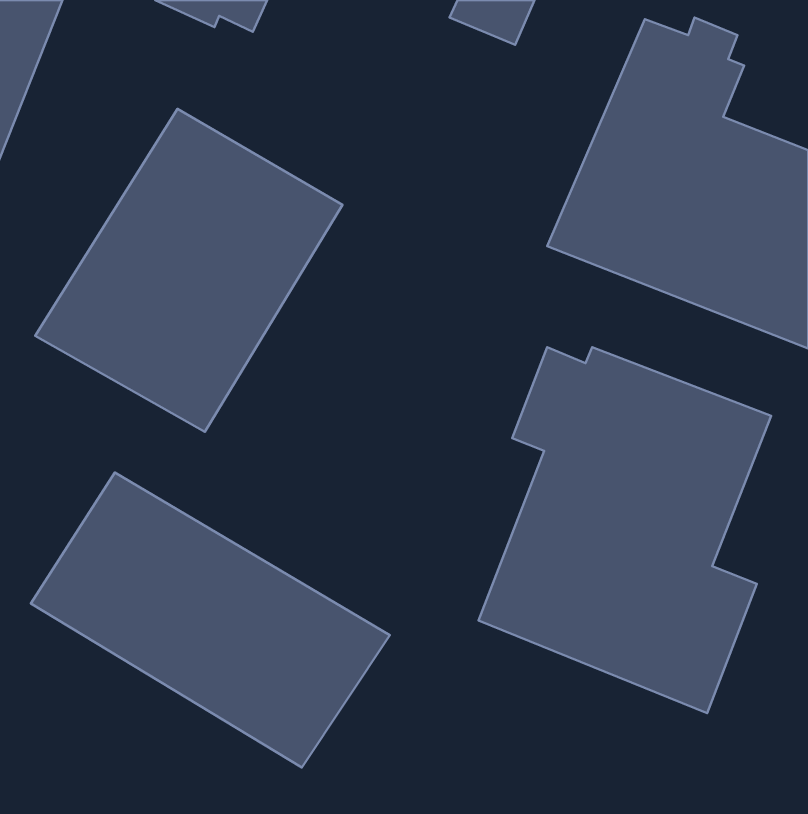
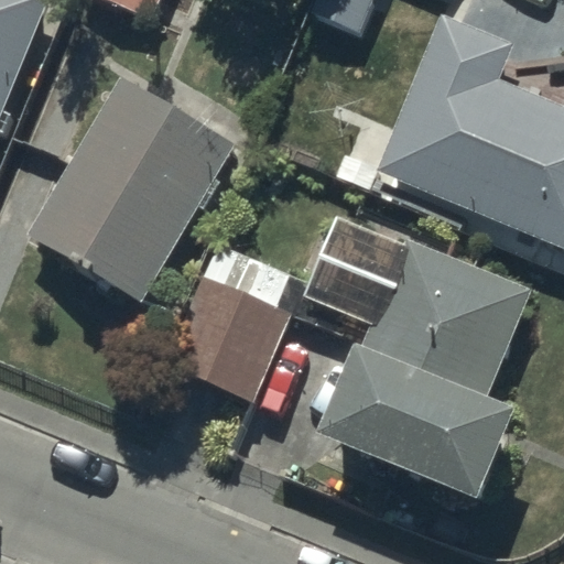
building: none -> [163,247,300,403]
building: [31,473,390,768] -> none

